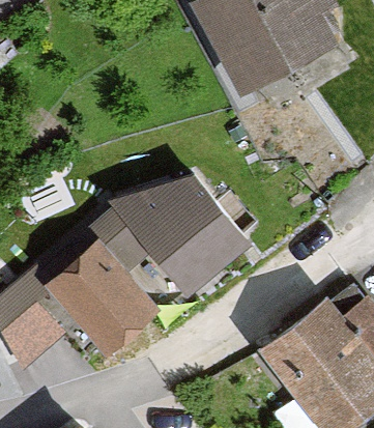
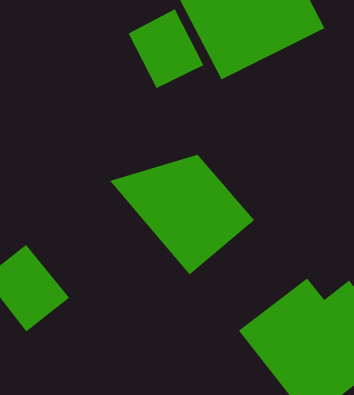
building: none -> [127,8,204,89]
building: [61,237,177,355] -> none

